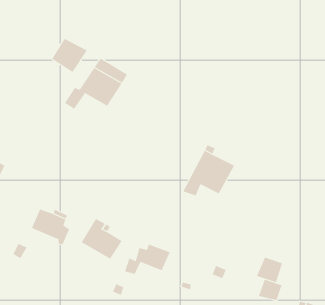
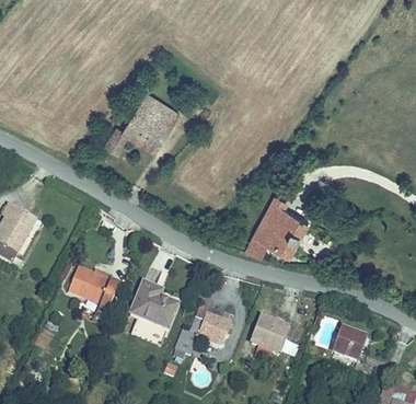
building: [51,38,87,73] -> none
building: none -> [251,318,287,358]
building: [258,279,282,301] -> none

